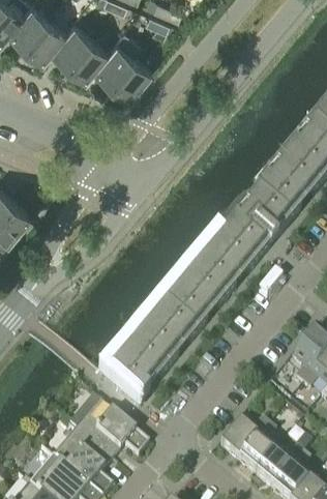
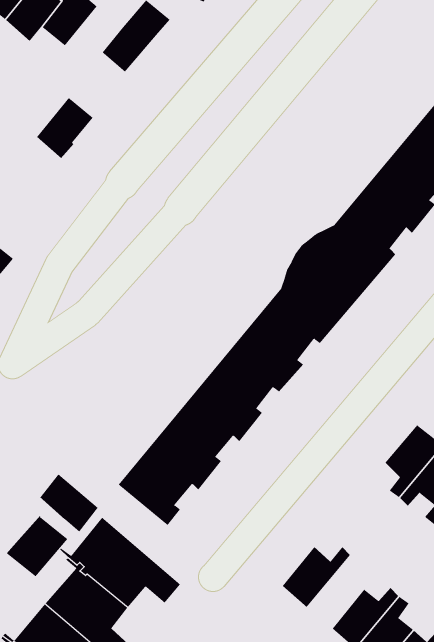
building: [66,31,107,75] -> [36,97,93,159]
building: [109,50,150,93] -> none
building: none -> [39,473,99,533]
building: none -> [6,515,68,577]
building: [237,418,277,470] -> none

